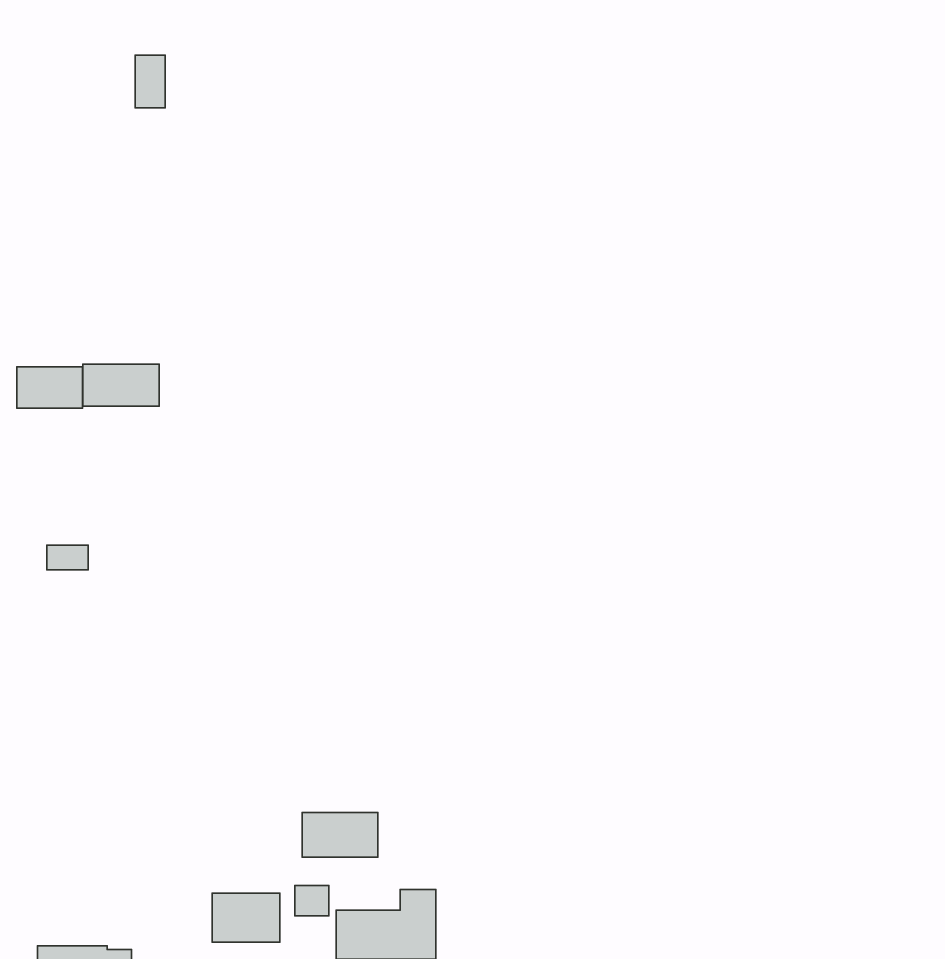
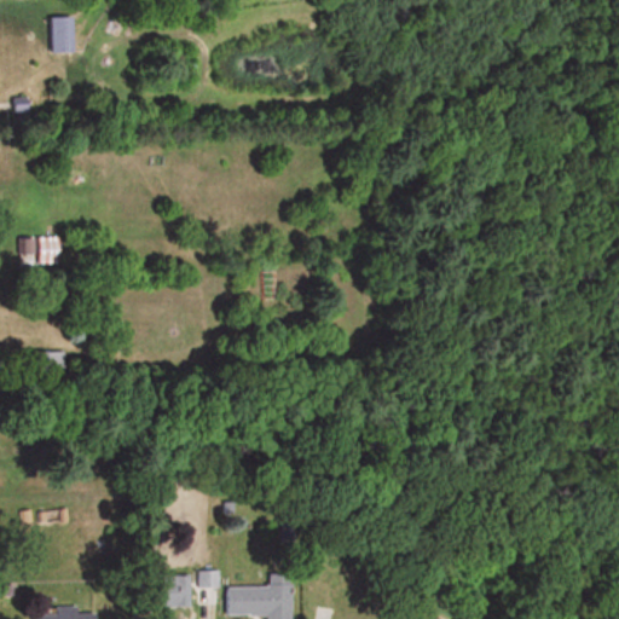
building: [135,55,165,108] -> [53,18,73,52]
building: [83,364,159,406] -> none
building: [302,812,378,857] -> none

